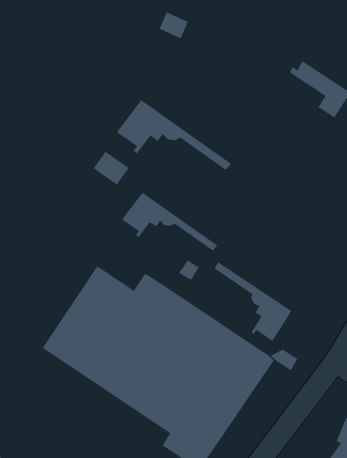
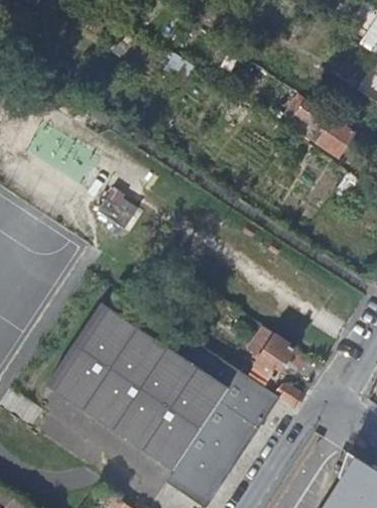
building: [116,99,232,171] -> none
building: [121,192,218,251] -> none

